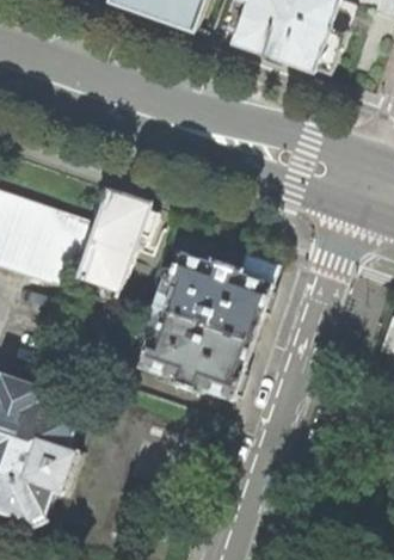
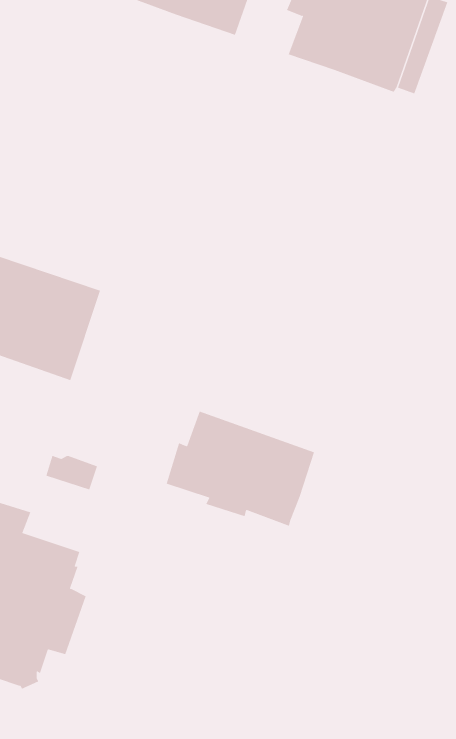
building: [70,190,152,303] -> none
building: [149,253,275,343] -> none

